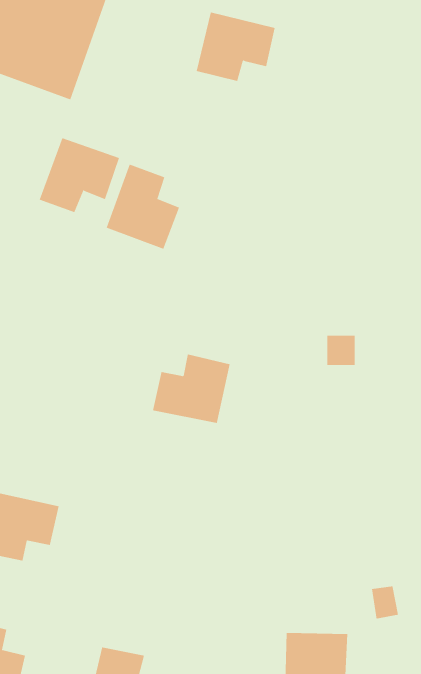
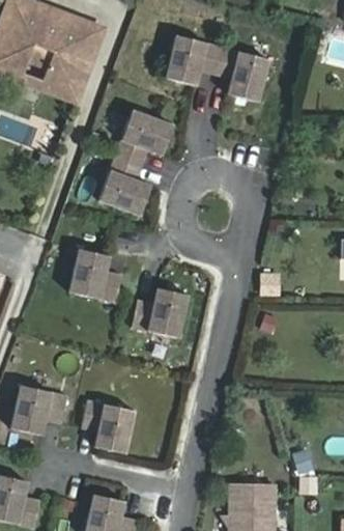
building: none -> [216,52,268,106]
building: [39,137,120,213] -> [117,105,175,159]
building: none -> [70,247,123,300]
building: none -> [81,399,134,452]

